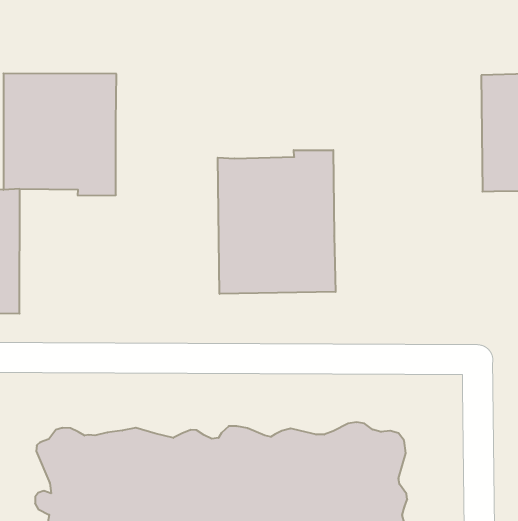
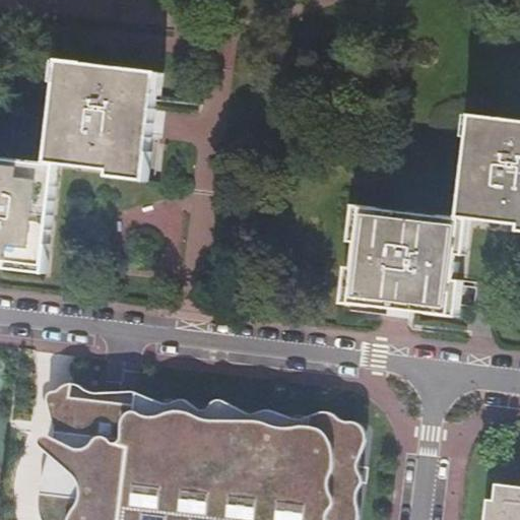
building: [218,150,336,294] -> none
building: none -> [348,212,468,320]

